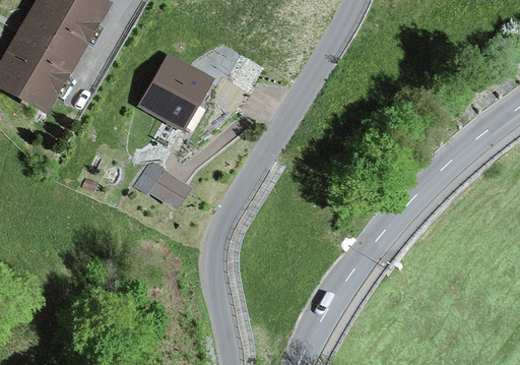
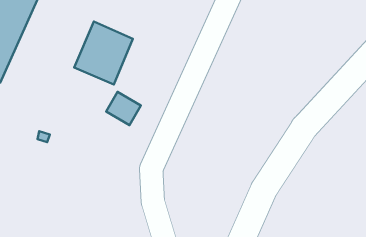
building: [150,169,193,210] -> [106,92,141,125]

